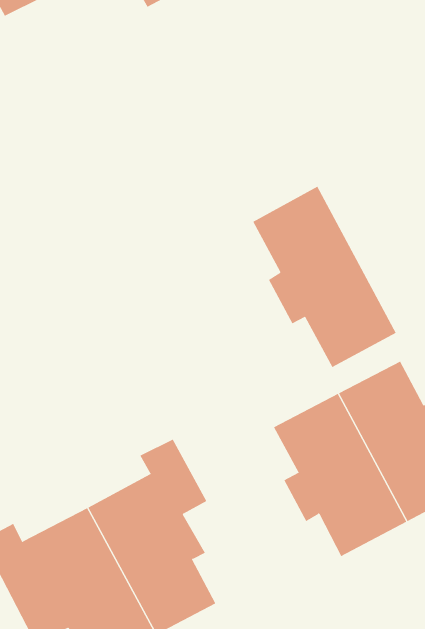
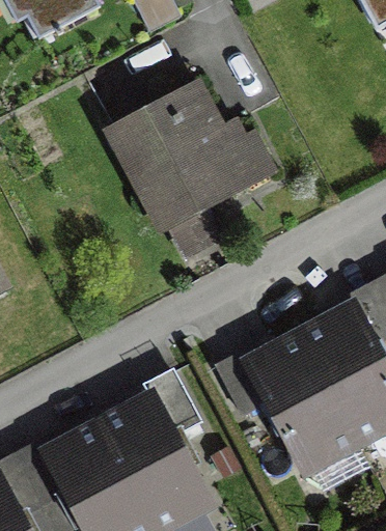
building: none -> [114,84,270,225]
building: [252,186,397,368] -> none

